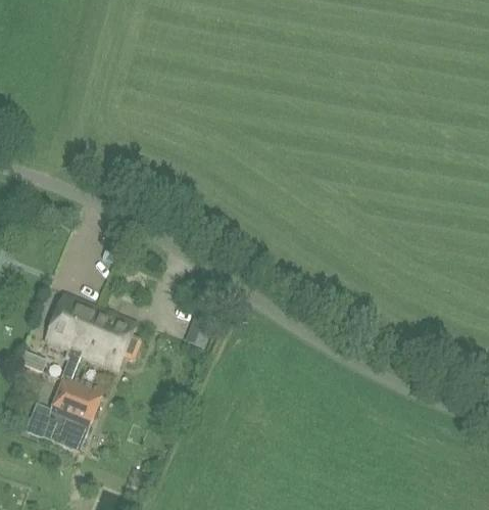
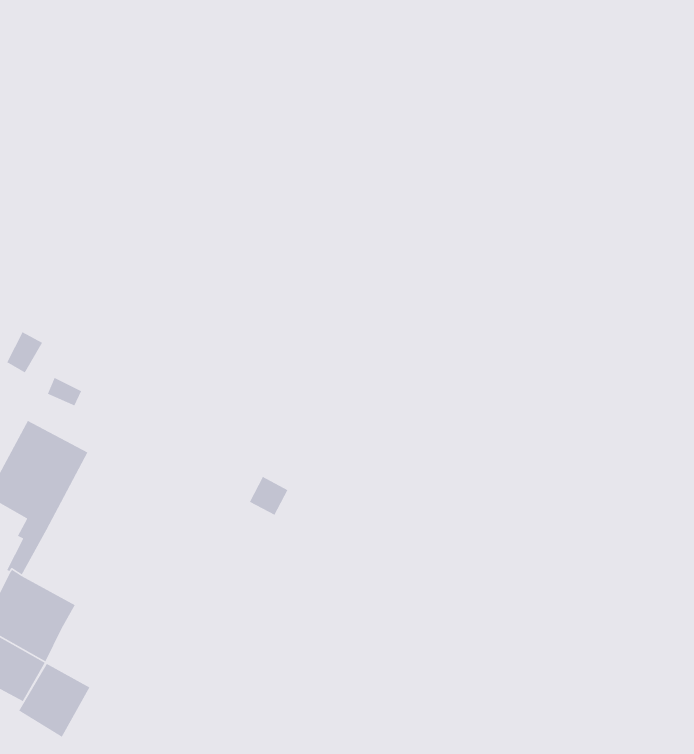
building: [79,310,139,370] -> none
building: none -> [18,663,91,738]

